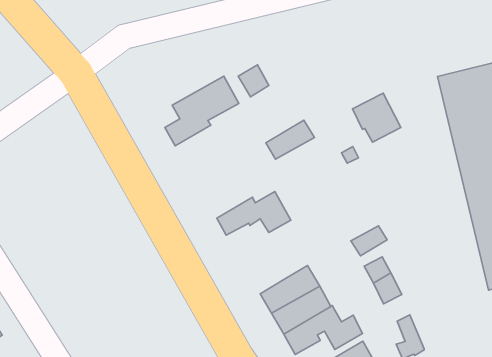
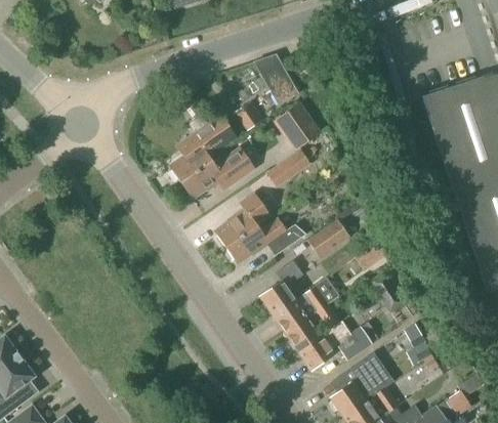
building: none -> [261,60,299,104]
building: [352,93,401,142] -> [274,101,321,149]
building: none -> [181,146,256,198]
building: none -> [215,192,272,247]
building: none -> [306,217,351,258]
building: none -> [260,259,303,314]

